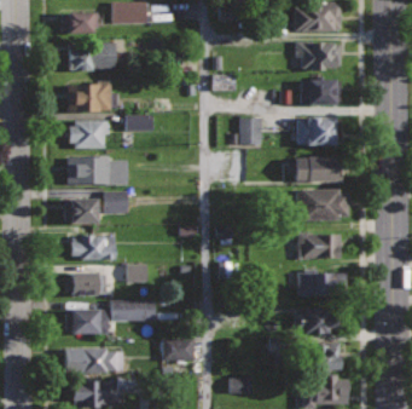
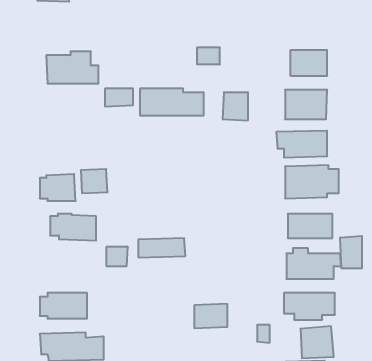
building: [296,41,342,69] -> none
building: [70,42,116,70] -> none
building: [69,119,110,148] -> none
building: [68,156,128,182] -> [140,89,204,115]
building: none -> [340,236,362,268]
building: [64,272,108,296] -> none
building: [110,304,155,322] -> [138,238,185,257]
building: [162,340,193,363] -> [194,304,227,328]

